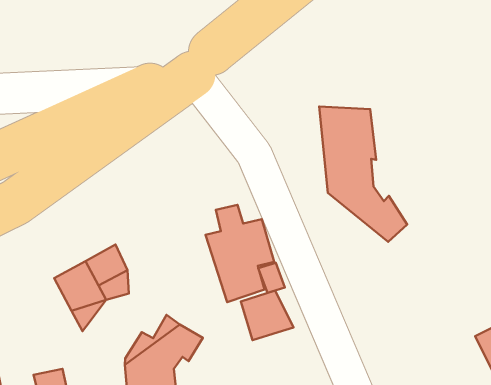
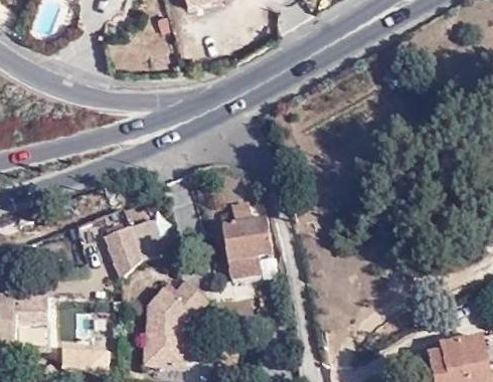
building: [319,107,407,242] -> none
building: [241,291,294,340] -> none

